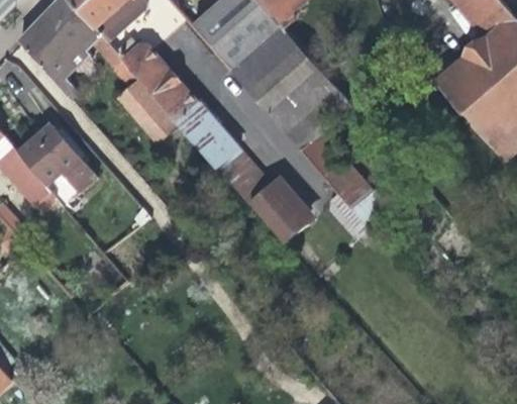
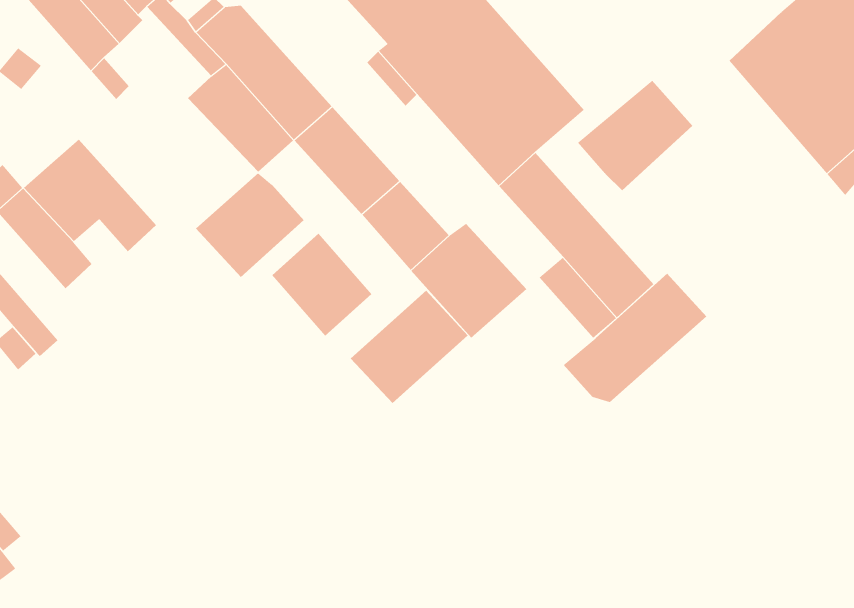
building: none -> [577,80,693,191]
building: none -> [195,172,304,278]
building: none -> [272,233,372,336]
building: none -> [563,273,707,403]
building: none -> [350,290,469,404]

